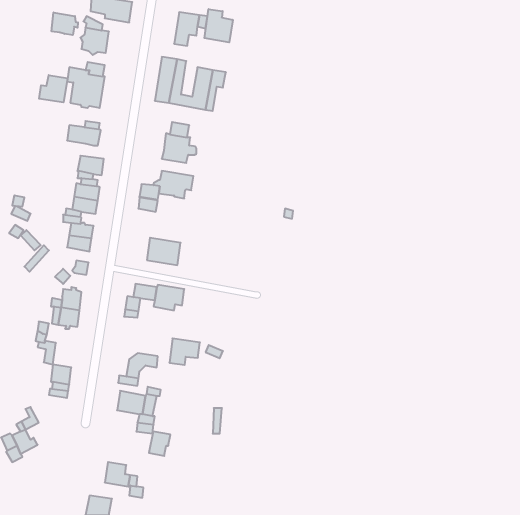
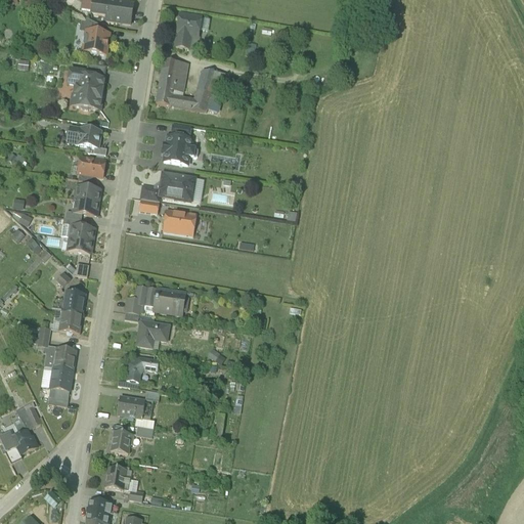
building: [204,9,233,42] -> none
building: [52,12,78,35] -> none
building: [39,75,68,102] -> none
building: [147,238,181,265] -> [163,208,196,235]
building: [169,338,200,365] -> [138,319,169,346]
building: none -> [53,343,76,369]
building: [149,431,170,456] -> [113,429,134,453]

